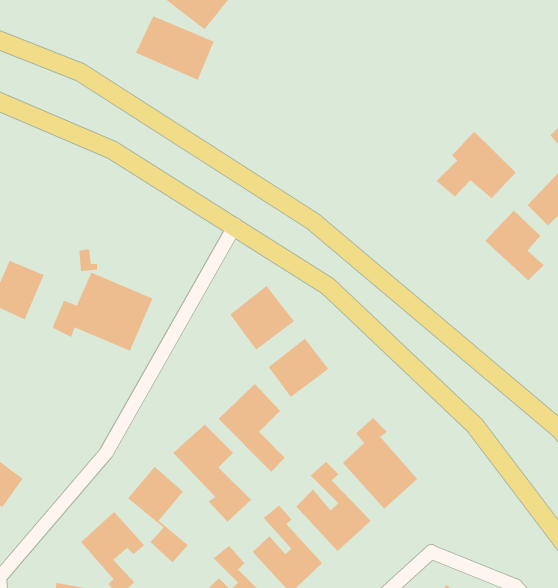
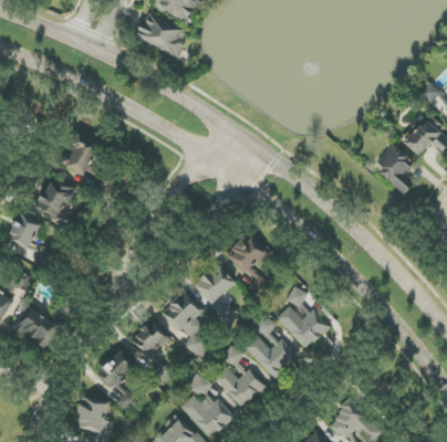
building: [435,131,516,199] -> none
building: none -> [65,136,96,172]
building: [52,272,153,351] -> none
building: [229,285,295,351] -> none

